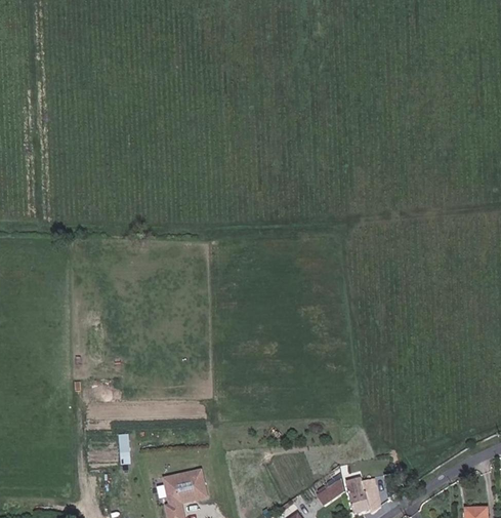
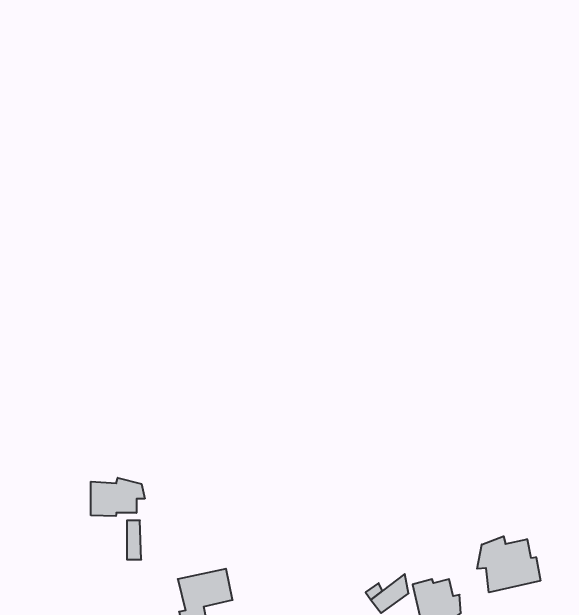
building: none -> [91,478,145,516]
building: none -> [477,536,540,592]

